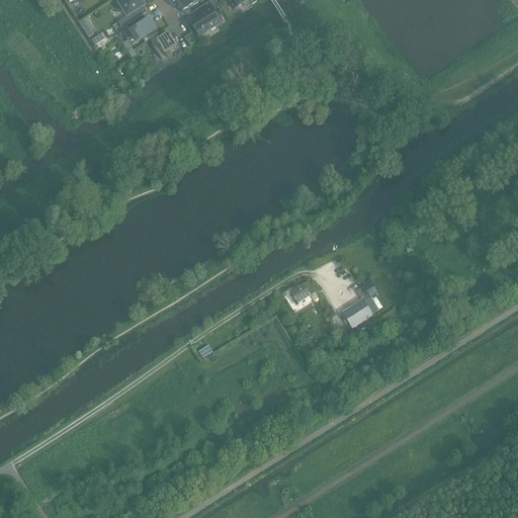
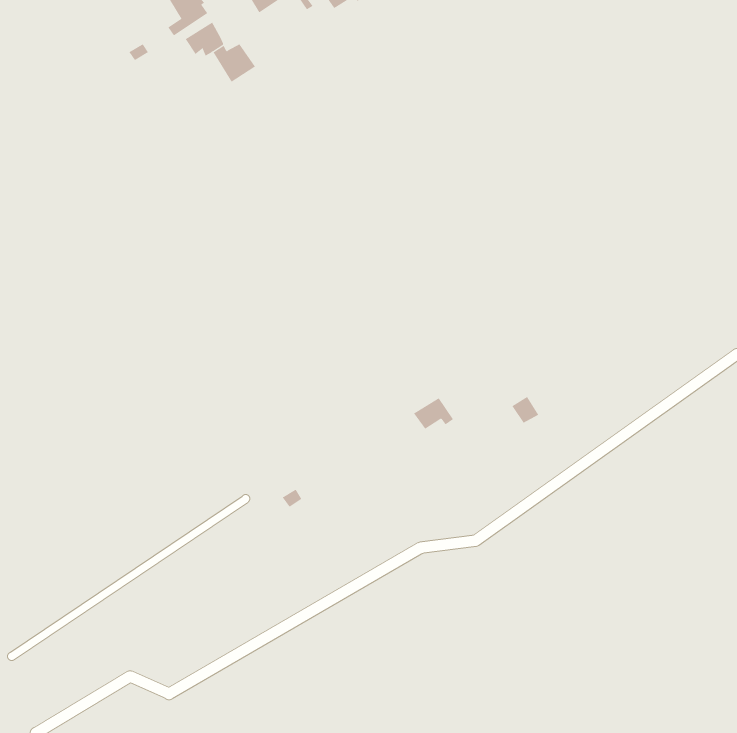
building: [191,5,220,31] -> none
building: [342,298,370,324] -> none

